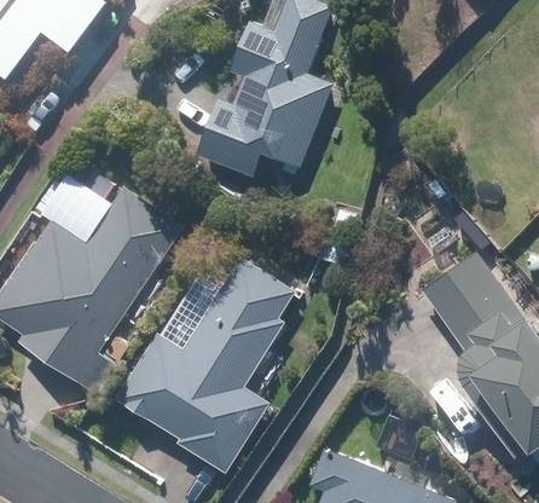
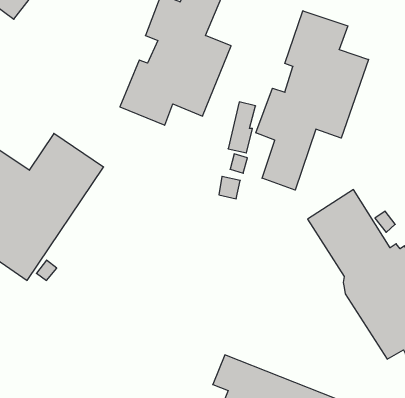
building: none -> [256,11,369,190]
building: [115,258,294,473] -> none

